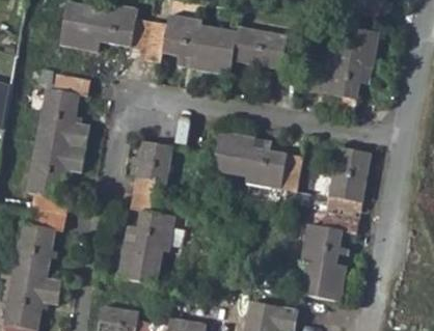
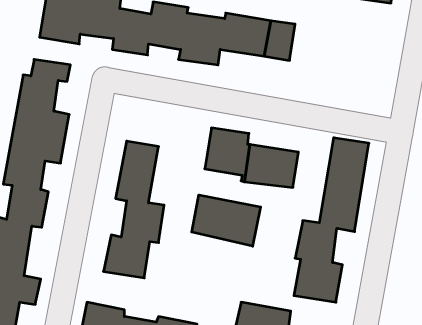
building: [319,22,380,112] -> none
building: none -> [192,195,261,246]

